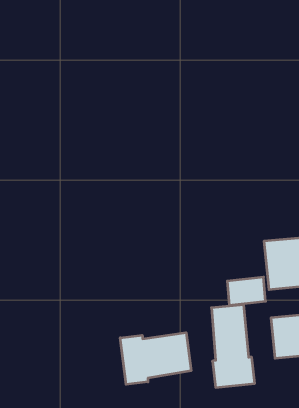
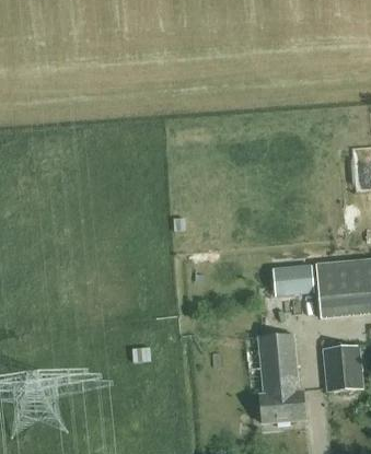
building: [227,277,266,305] -> [273,264,314,294]
building: [120,333,191,384] -> none

